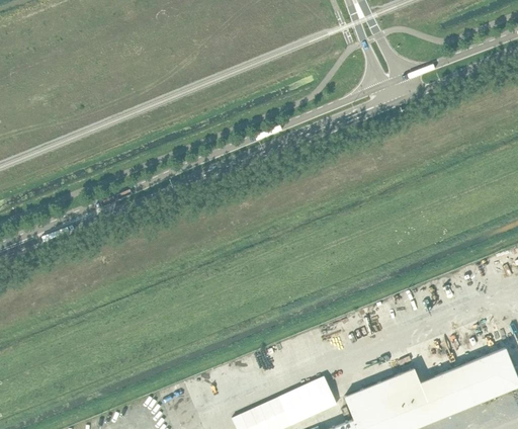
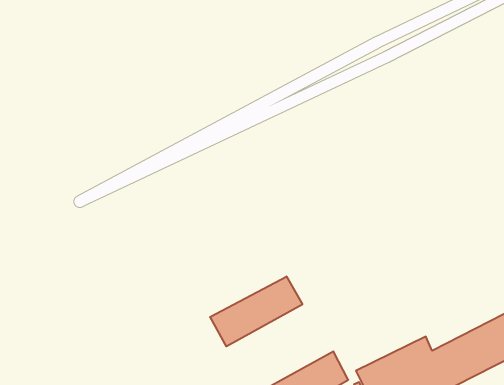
building: none -> [210,276,302,346]

